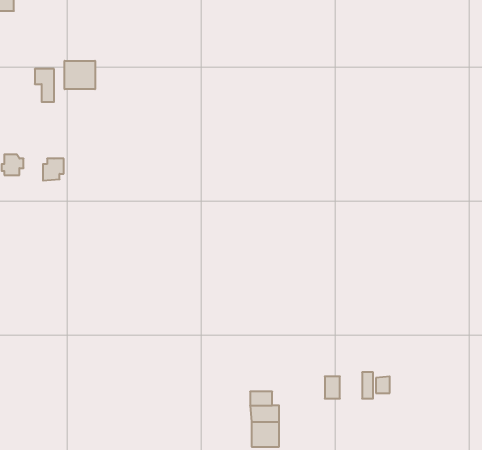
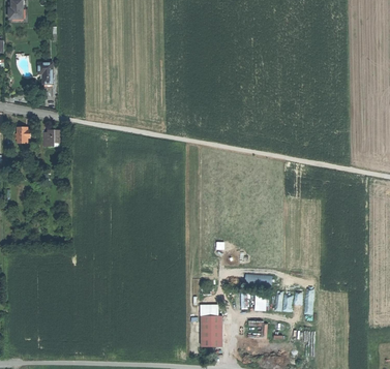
building: [65,61,95,89] -> none

